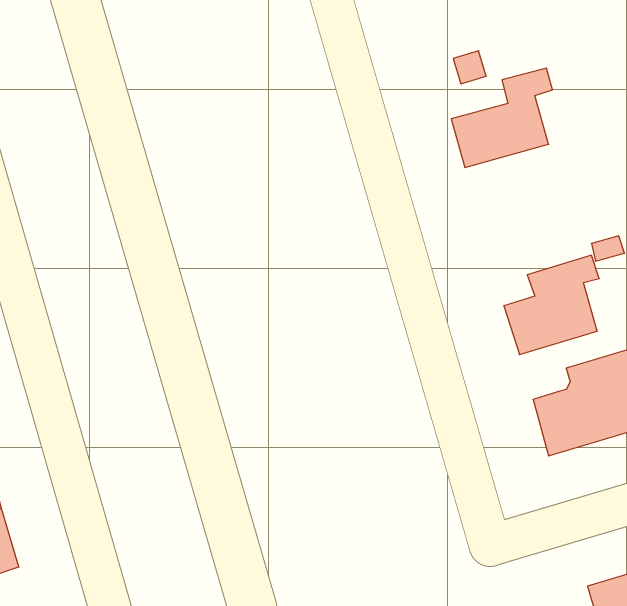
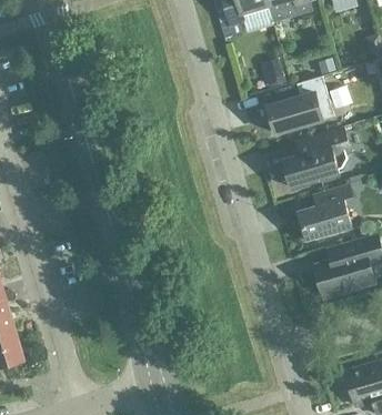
building: none -> [284,129,351,186]

